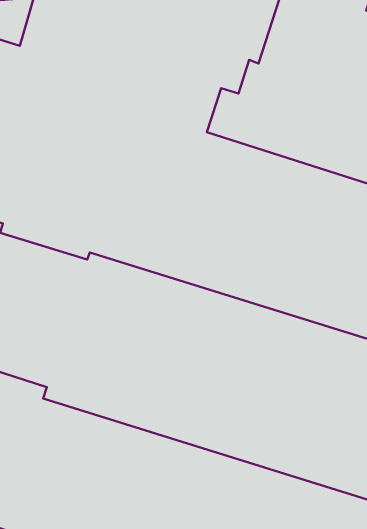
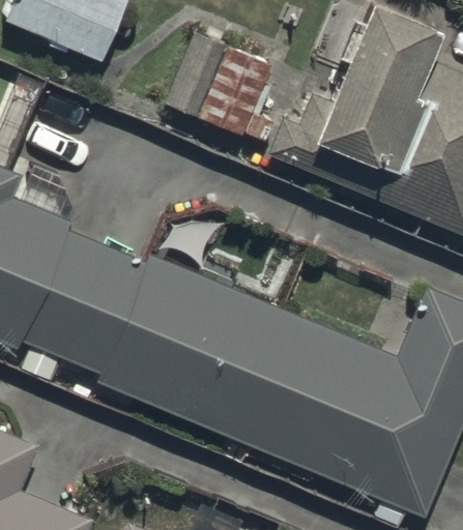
building: none -> [166,34,274,143]

